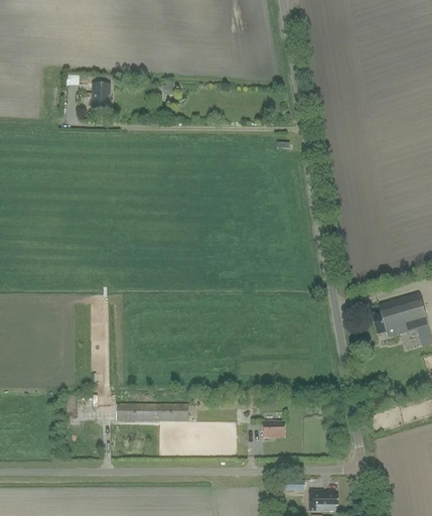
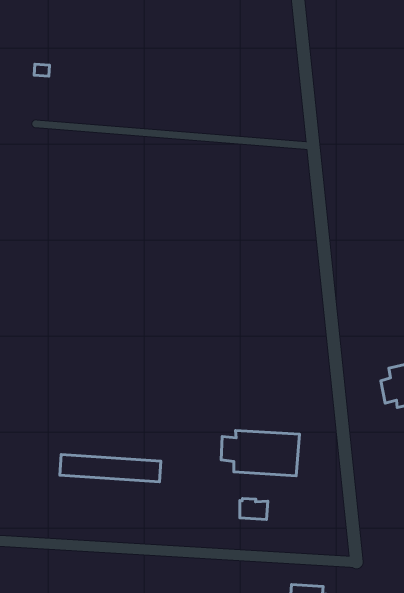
building: [92,84,111,109] -> none
building: none -> [221,430,300,476]

